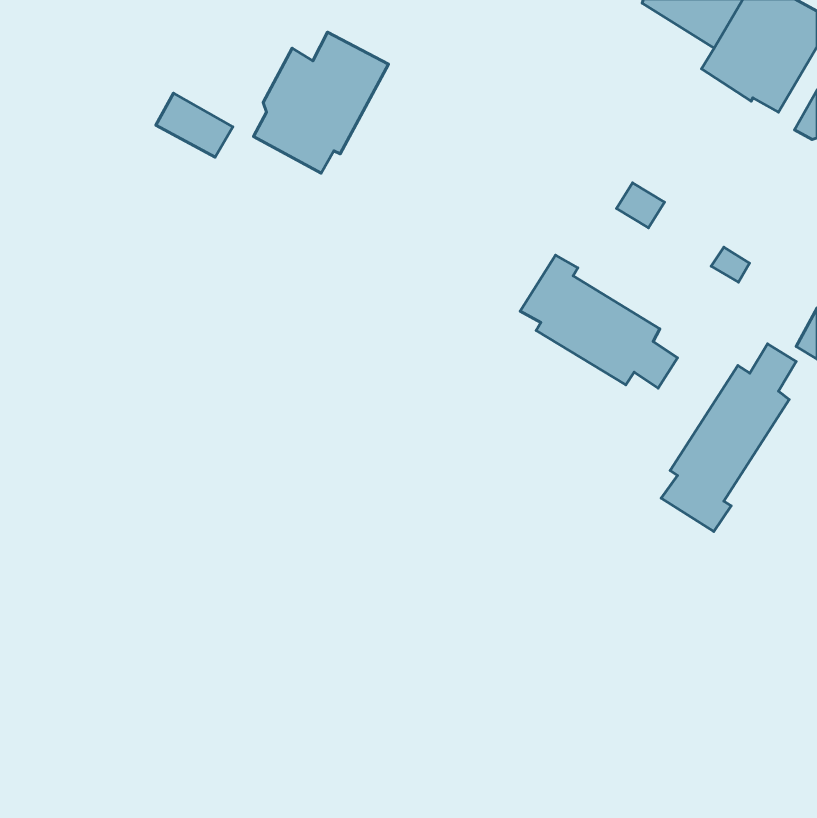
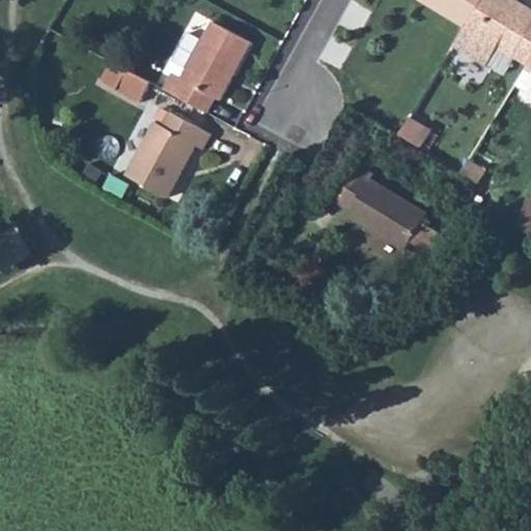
building: none -> [127,107,211,197]
building: [661,344,796,531] -> none

